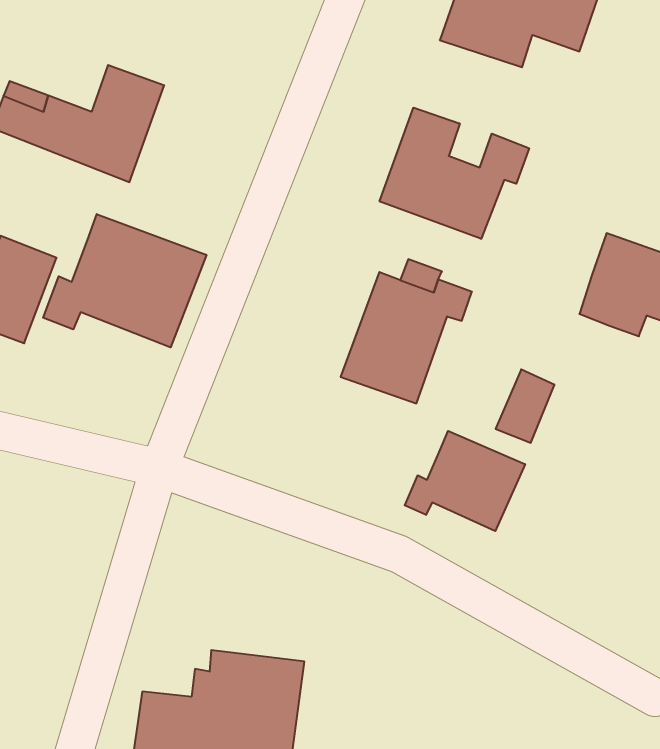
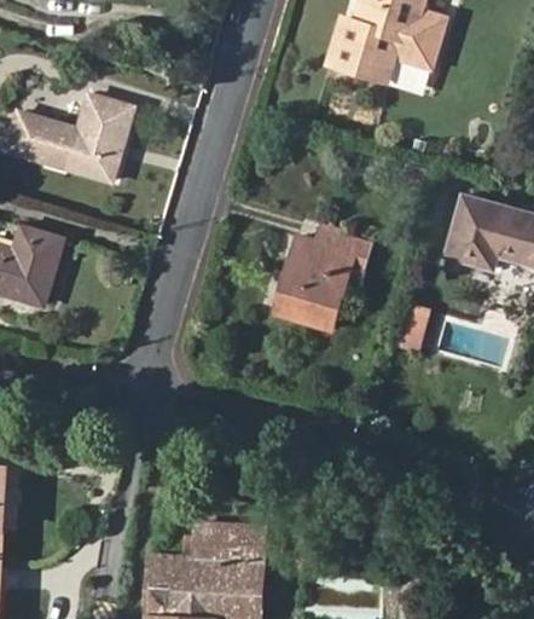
building: [380,108,529,239] -> none
building: [43,214,206,347] -> none
building: [405,431,525,531] -> none

